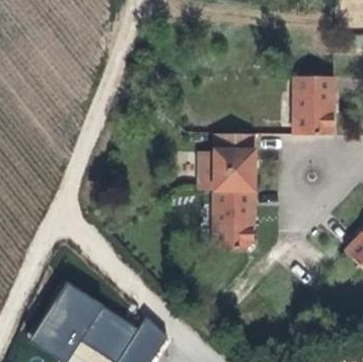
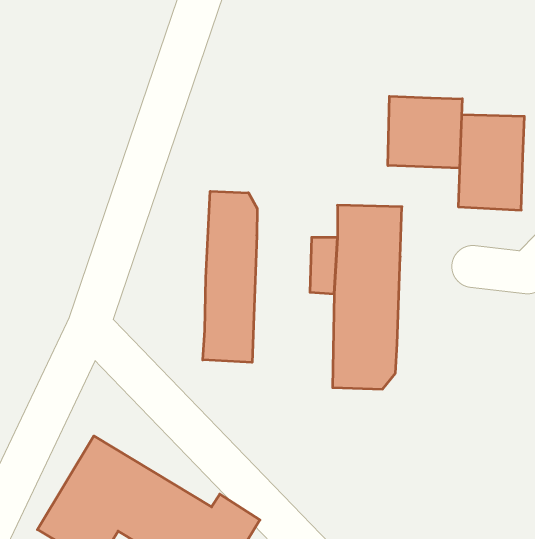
building: none -> [388,96,462,168]
building: none -> [203,191,257,362]

